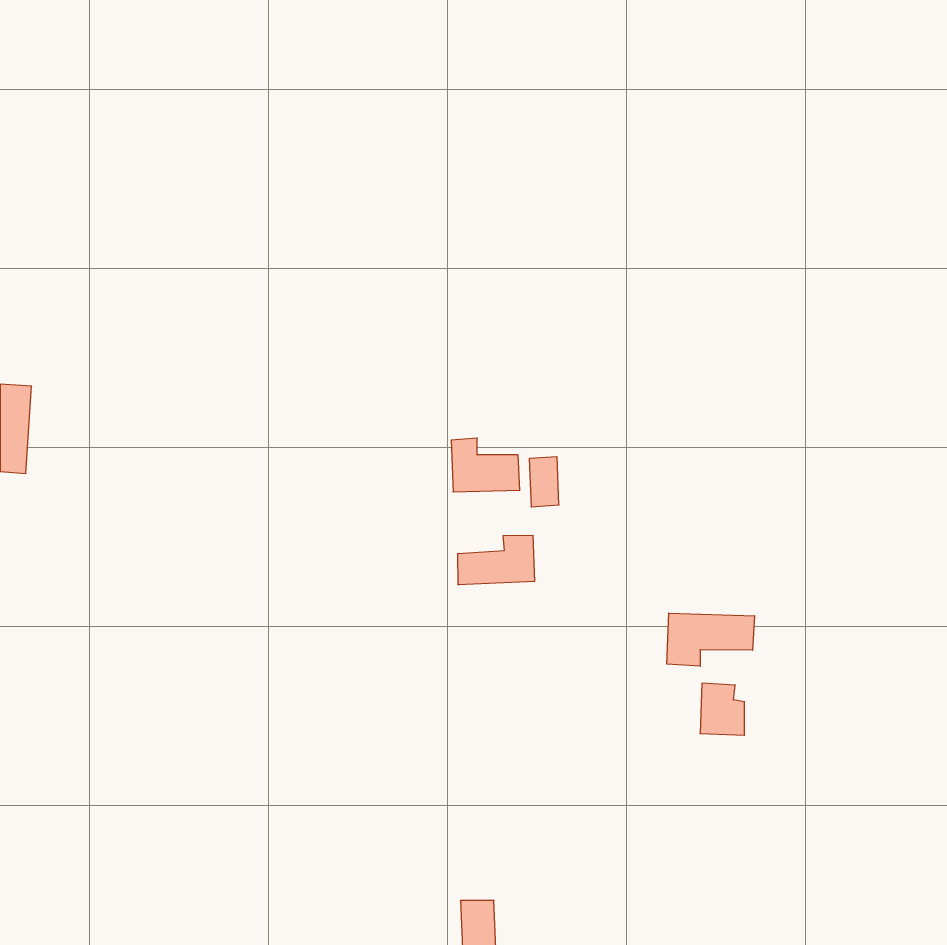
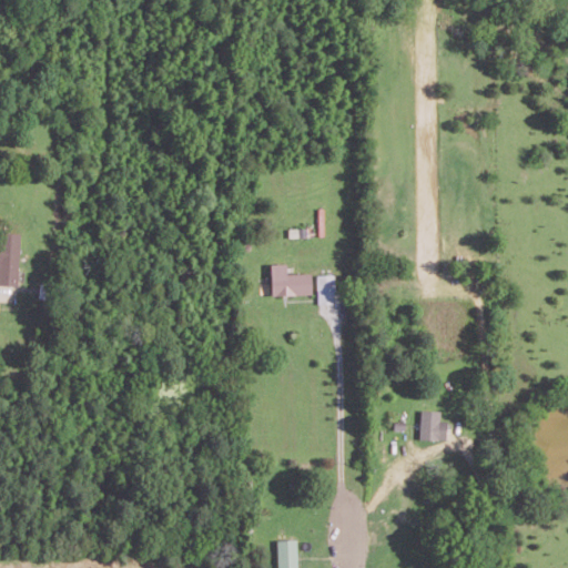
building: [458,535,534,585] -> none
building: [667,613,755,666] -> none

